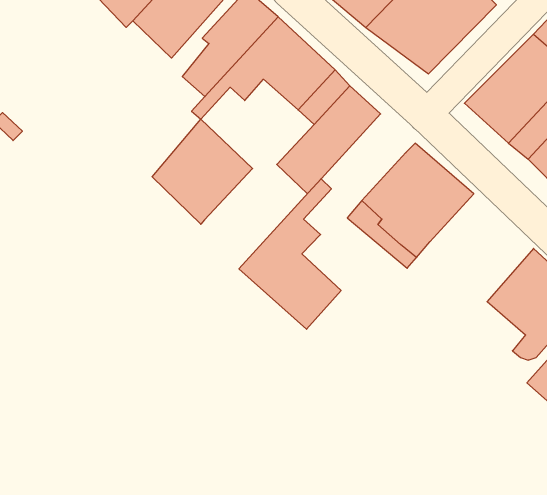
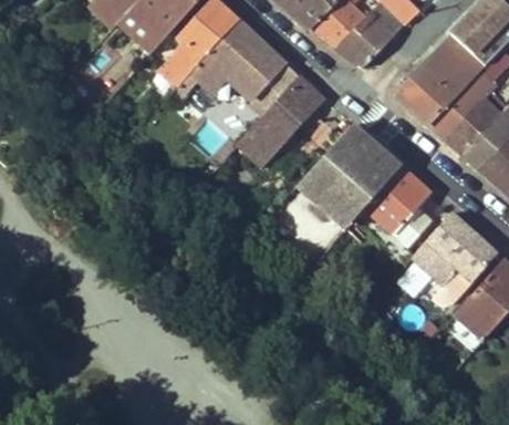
building: [152,119,253,224] -> none
building: [239,179,341,329] -> none
building: none -> [365,166,435,257]

